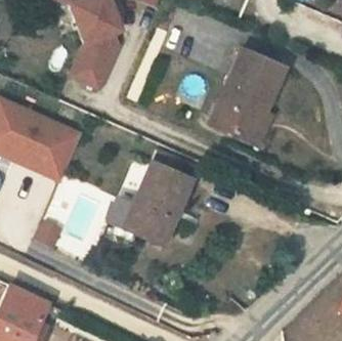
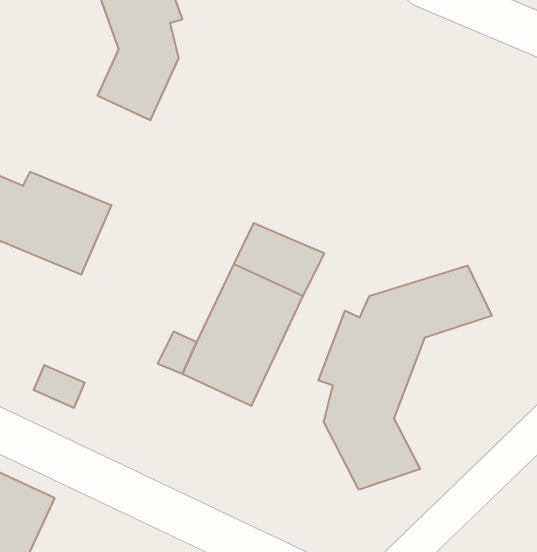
building: [215,48,286,134] -> none
building: none -> [318,266,492,490]

